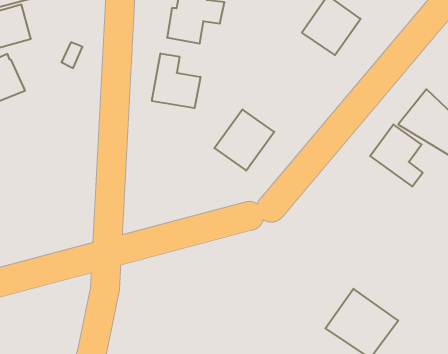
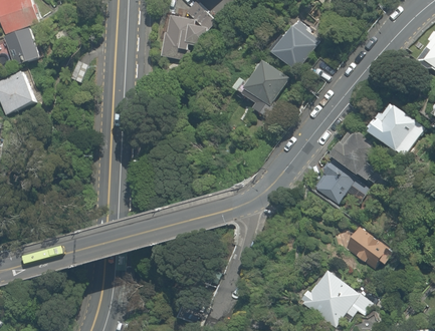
building: [152,53,200,108] -> none
building: [214,109,274,171] -> [243,58,294,110]
building: none -> [312,157,369,204]
building: none -> [343,222,394,264]

